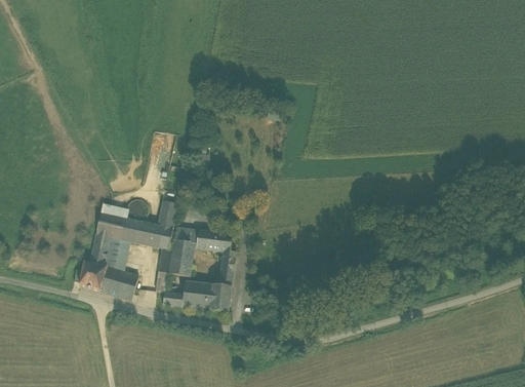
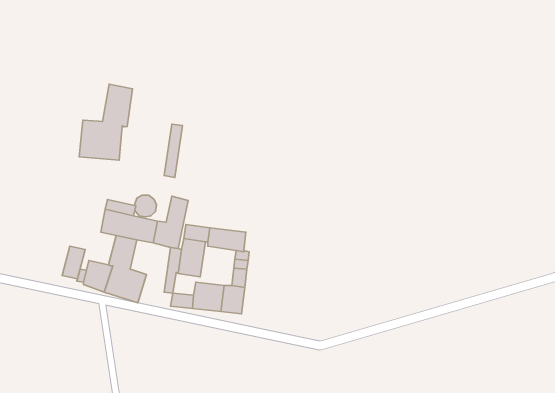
building: none -> [79,84,133,160]
building: [88,233,110,264] -> [62,246,85,279]

